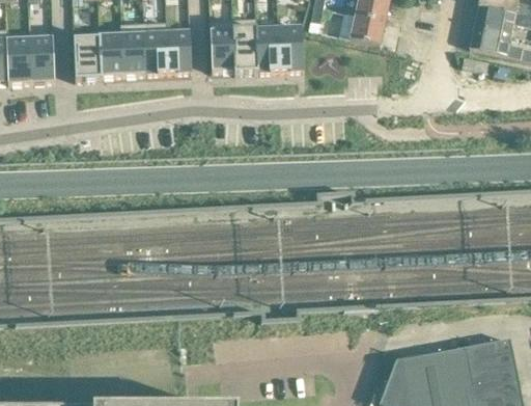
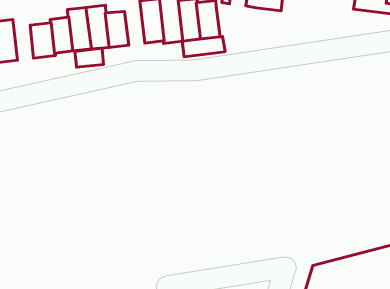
building: none -> [182,36,225,57]
building: none -> [75,48,104,67]

